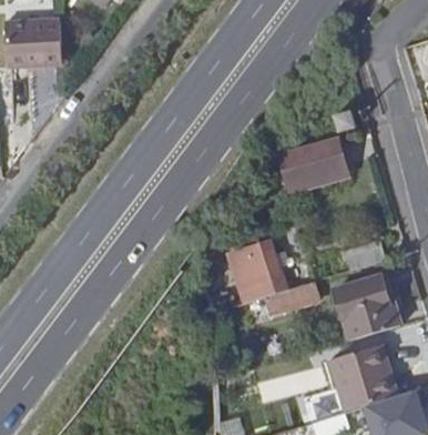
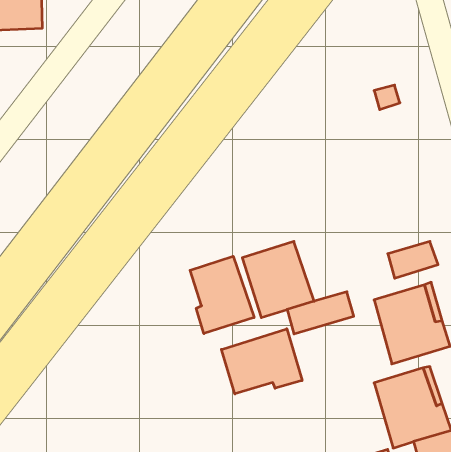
building: [278,138,348,188] -> none
building: none -> [190,256,254,334]
building: none -> [221,329,302,394]

